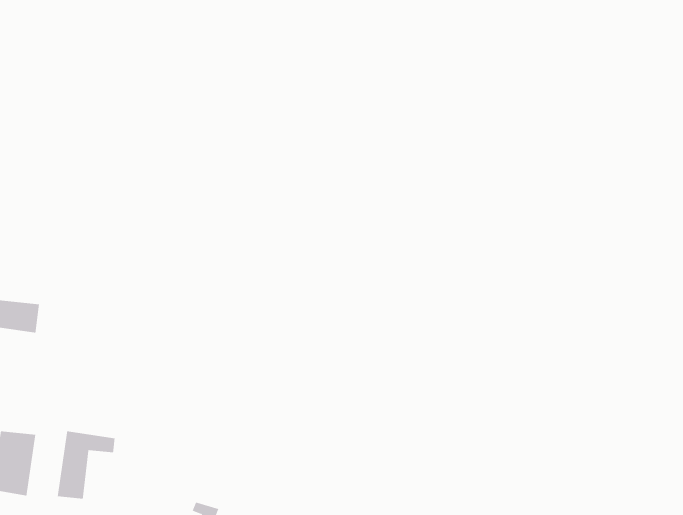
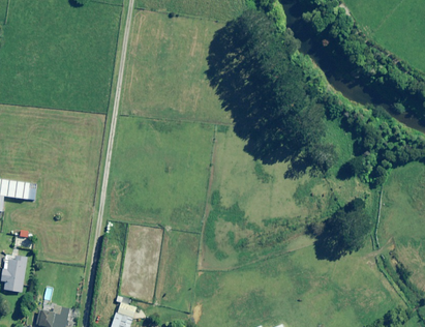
building: [57,431,115,500] -> none

